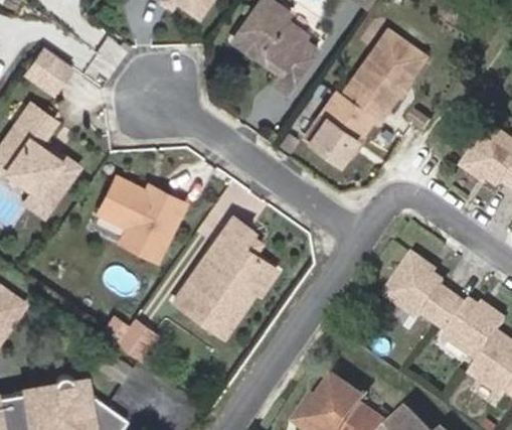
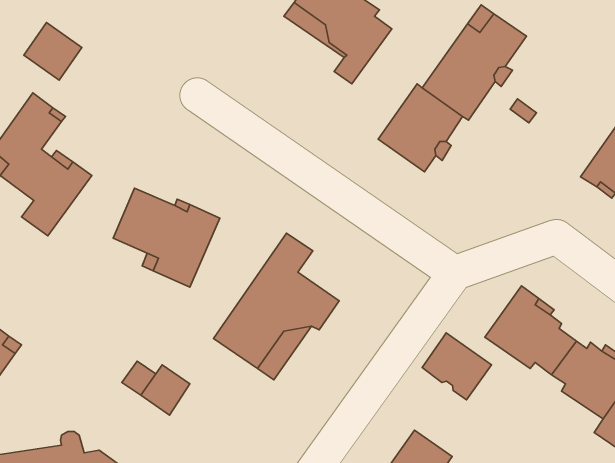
building: none -> [422,333,491,400]

